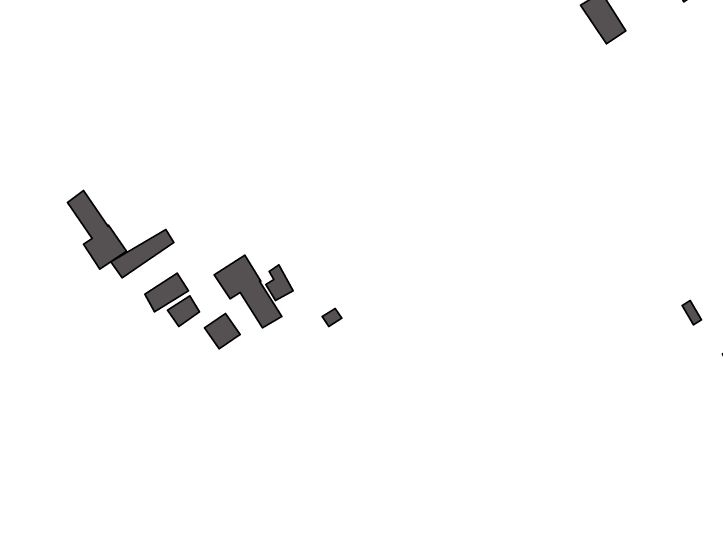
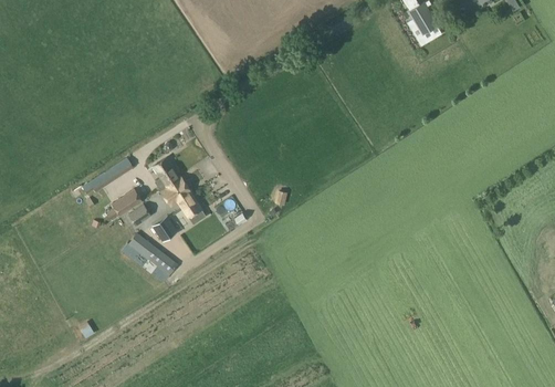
building: [67,190,126,269] -> none
building: none -> [154,158,181,190]
building: none -> [126,236,177,276]

